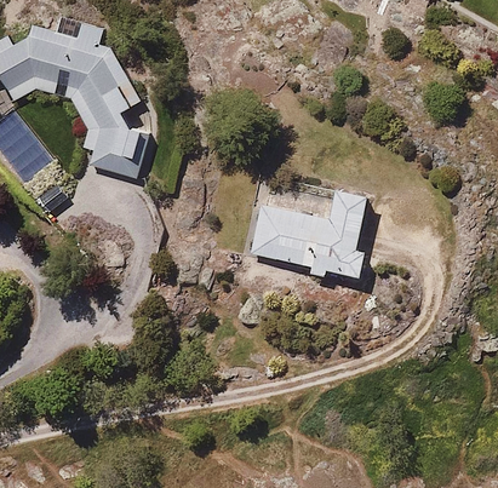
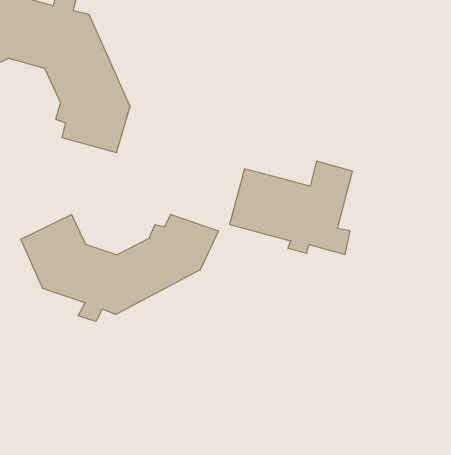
building: none -> [21,214,218,321]

